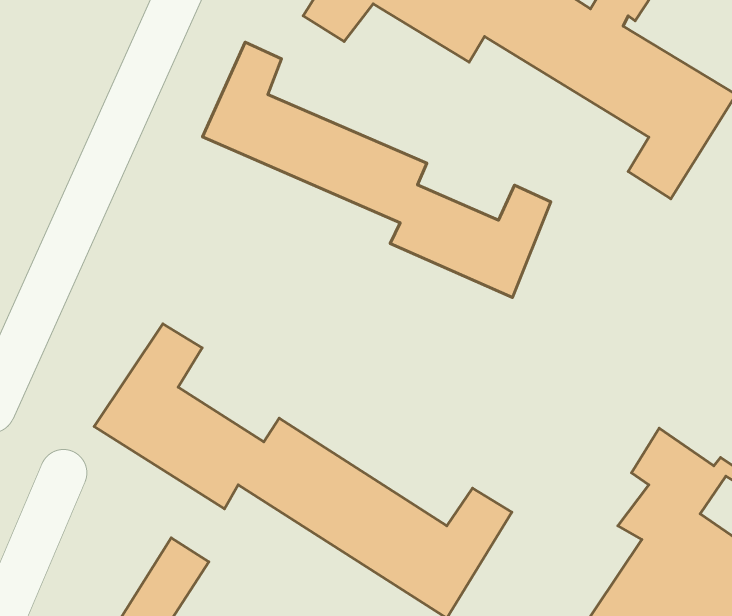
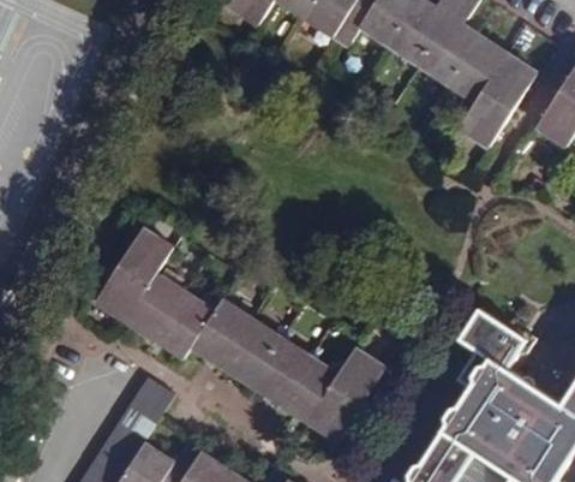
building: [203,42,551,297] -> none

